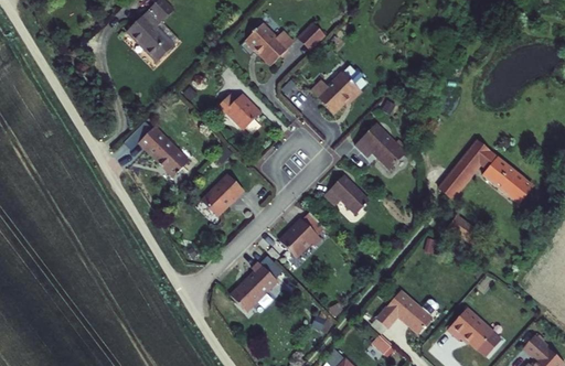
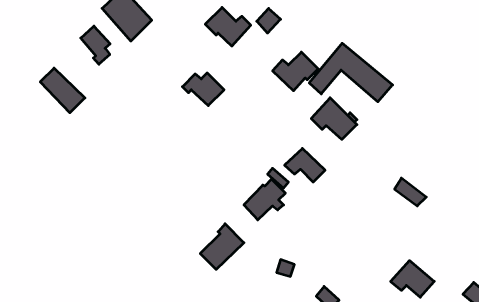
building: none -> [81,26,110,64]
building: [139,129,189,179] -> [40,68,85,113]
building: [439,139,532,204] -> [309,43,393,102]
building: [199,176,241,220] -> none
building: [375,288,436,330] -> none

